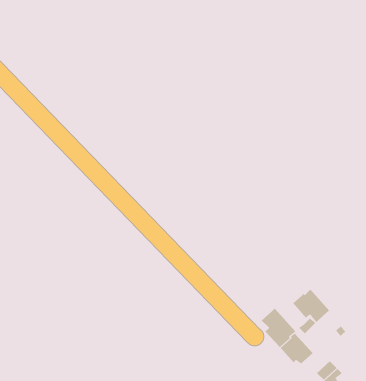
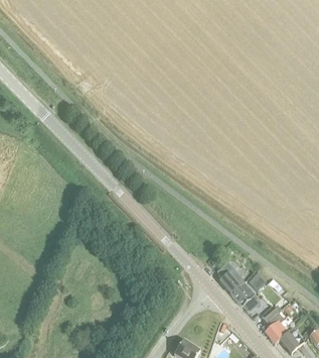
building: [293,289,330,323] -> none

